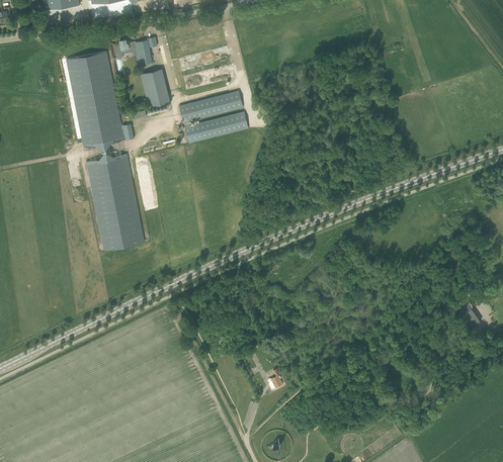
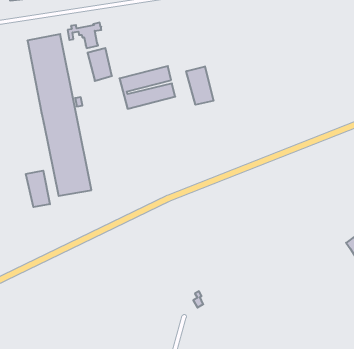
building: none -> [186,66,214,105]
building: none -> [26,171,50,207]

